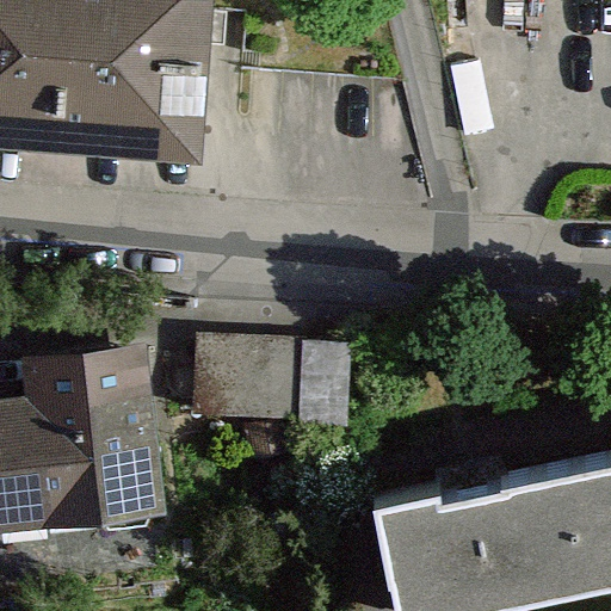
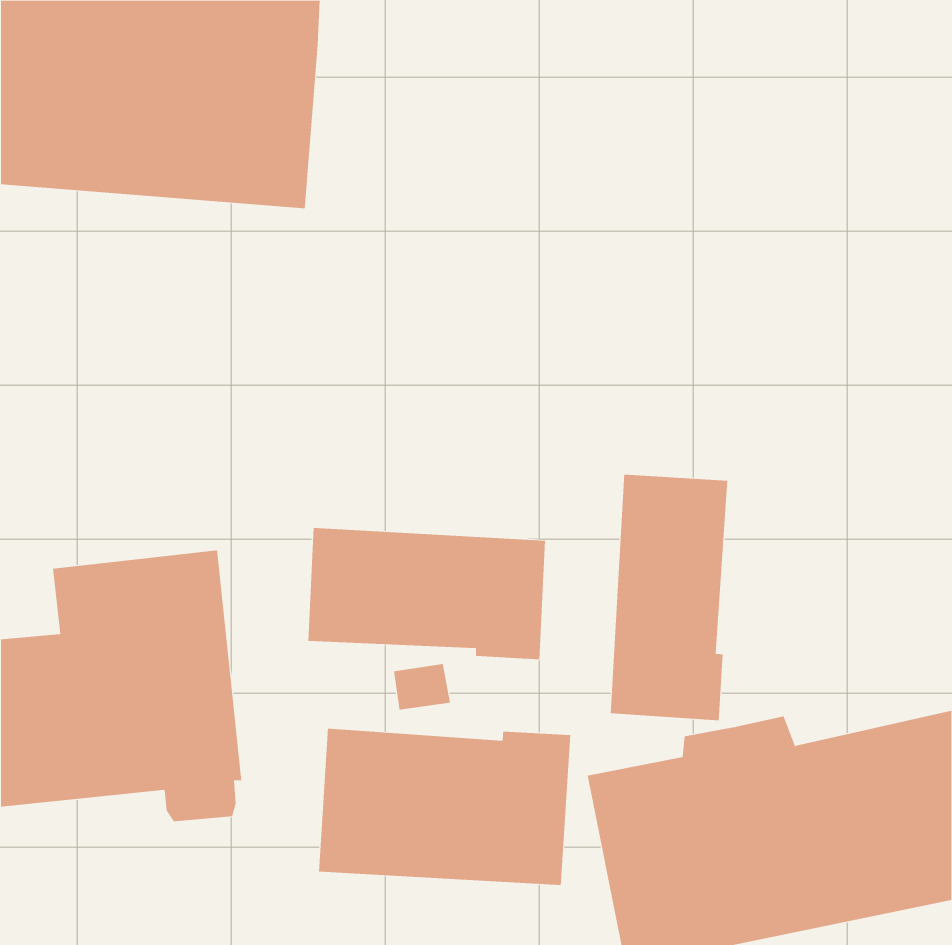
building: none -> [610,474,728,721]
building: none -> [319,728,571,886]

